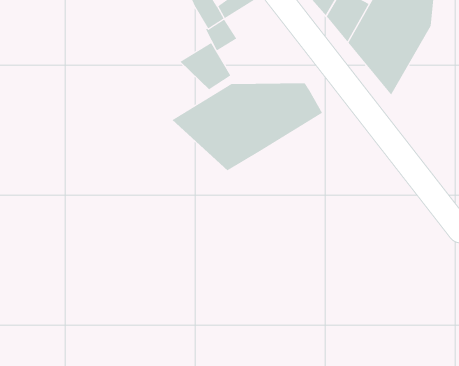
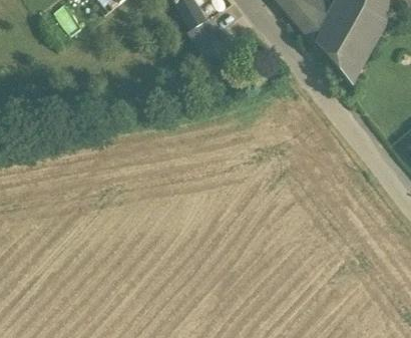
building: [180,42,231,90] -> none
building: [172,83,323,171] -> none

